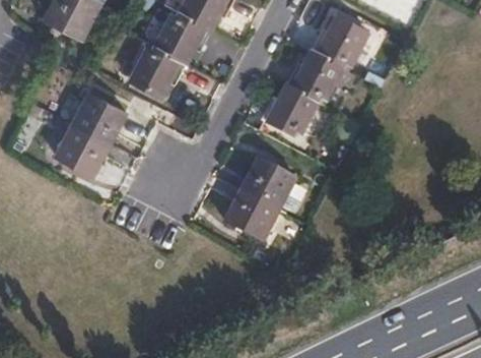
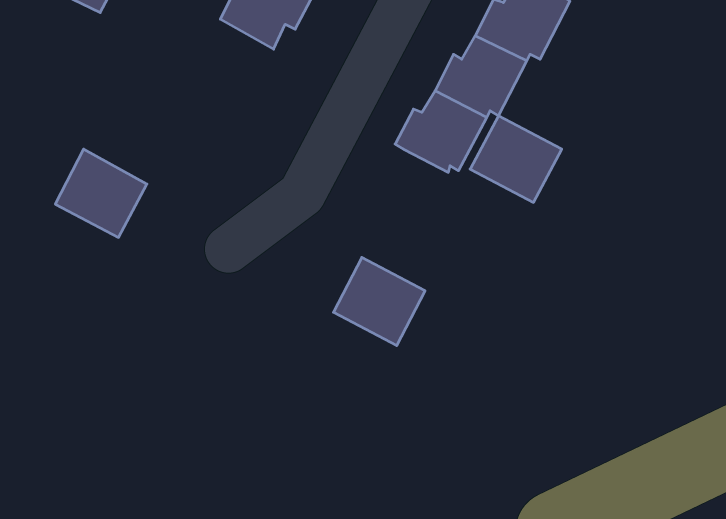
building: [128,44,187,98] -> none
building: [71,90,127,144] -> none
building: [240,157,296,210] -> [470,116,562,202]

